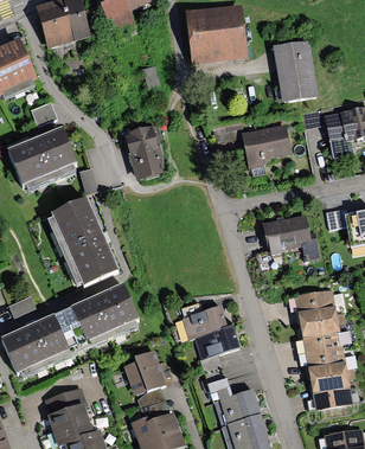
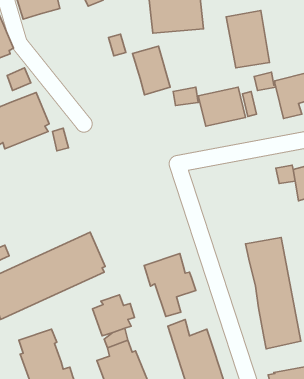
building: [124,126,166,179] -> [133,46,170,95]
building: [47,198,117,284] -> none
building: [262,213,320,259] -> none

